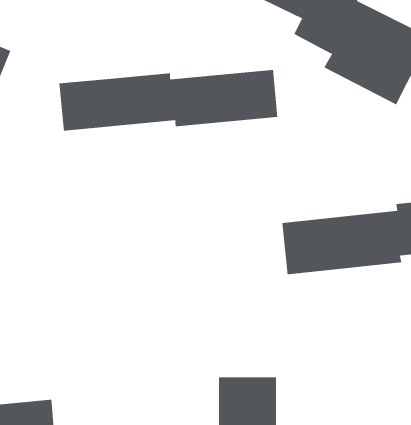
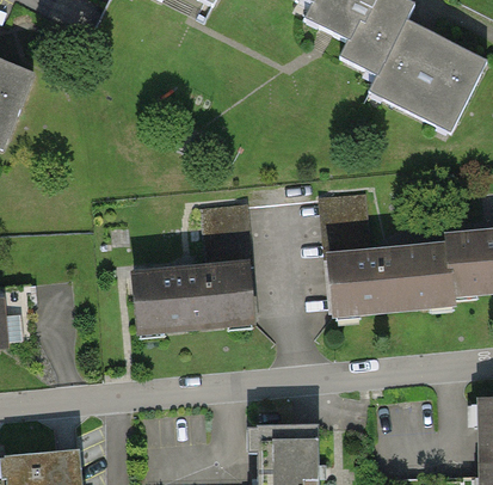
building: [59,69,278,131] -> none
building: none -> [131,265,254,333]

